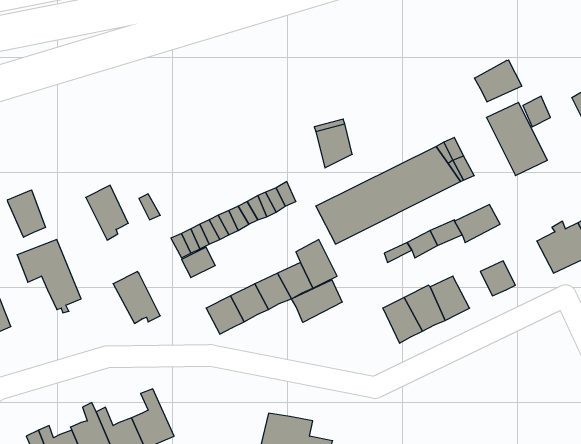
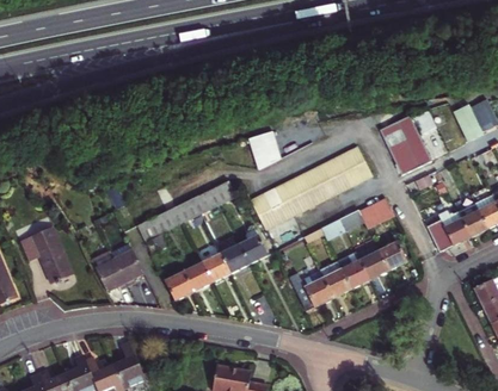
building: [474,60,522,102] -> none
building: [86,185,128,240] -> [115,242,148,285]
building: [8,190,45,237] -> none
building: none -> [361,244,392,279]
building: [291,280,342,322] -> none

